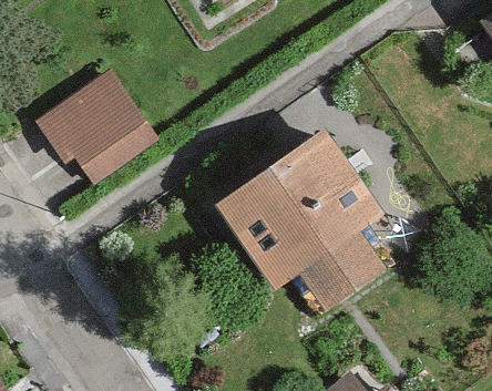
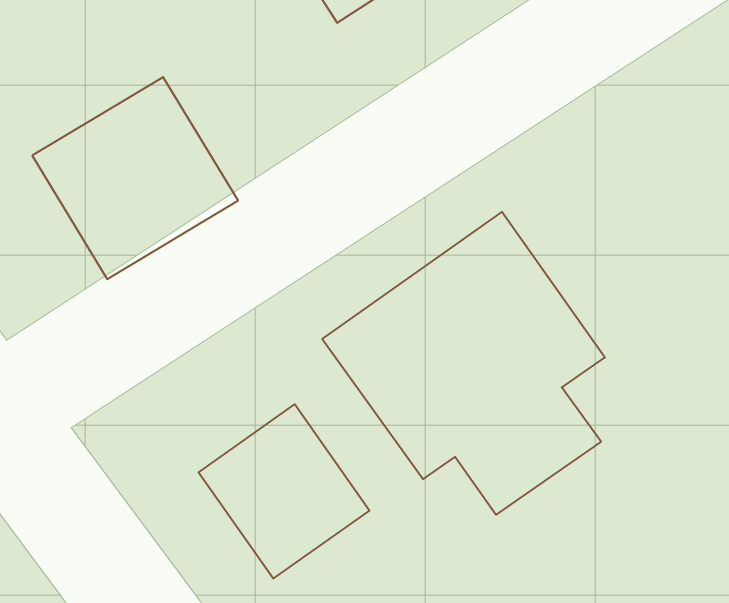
building: none -> [199,404,369,579]

